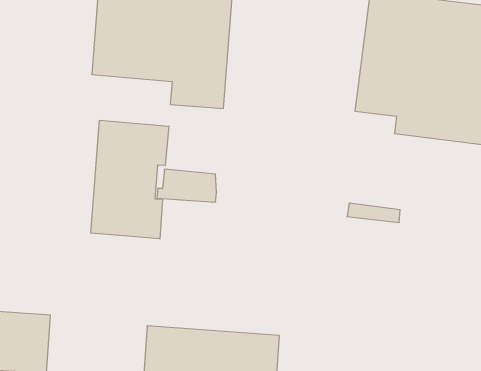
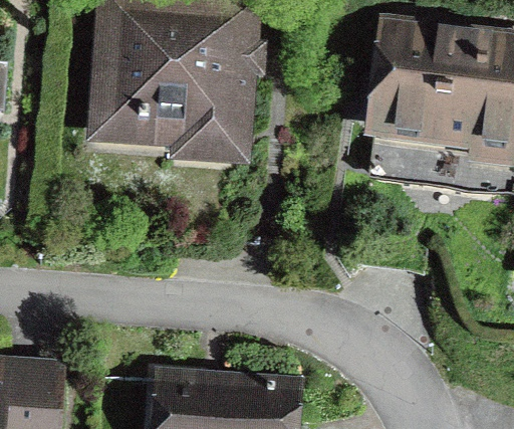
building: [91,120,169,239] -> none

